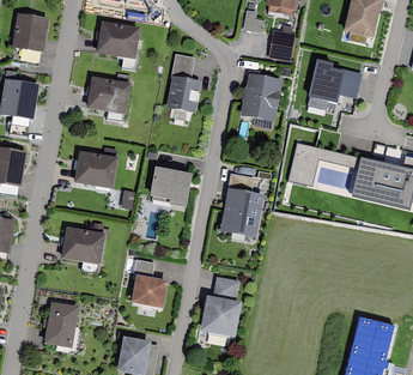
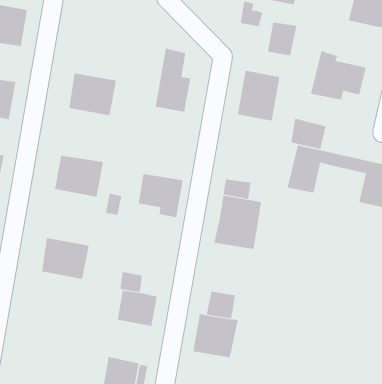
building: [96,20,140,59] -> none
building: none -> [291,118,326,150]
building: [43,301,79,349] -> none

